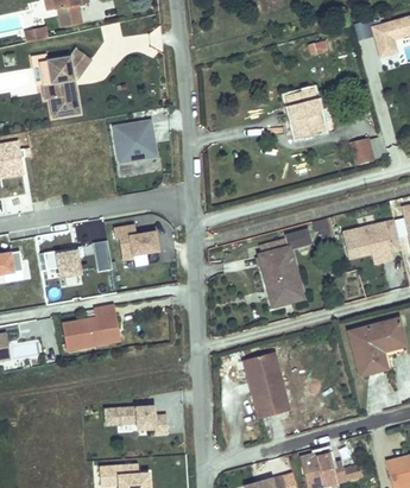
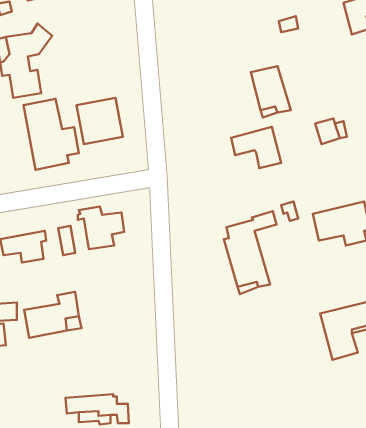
building: none -> [23,99,79,170]
building: none -> [231,127,281,168]
building: [245,349,291,418] -> none

